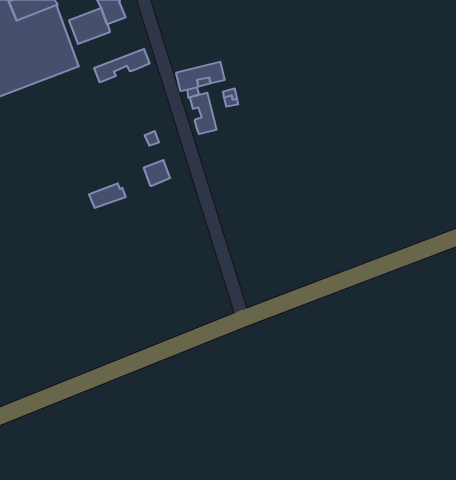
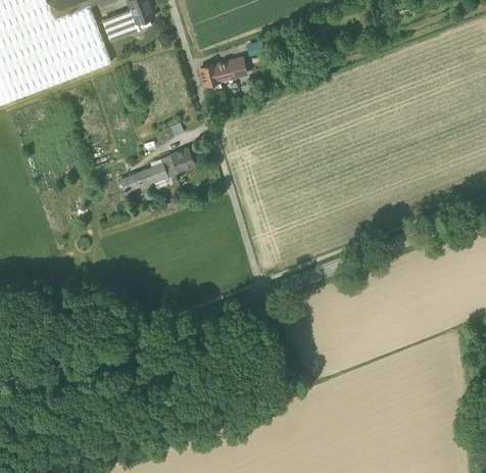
building: [94,49,150,82] -> none
building: [190,93,217,134] -> none
building: none -> [146,155,178,183]

